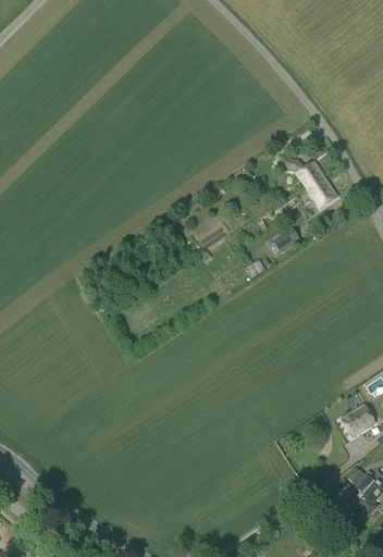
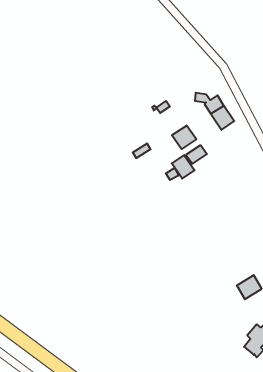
building: none -> [172,125,196,149]
building: none -> [172,155,195,179]

